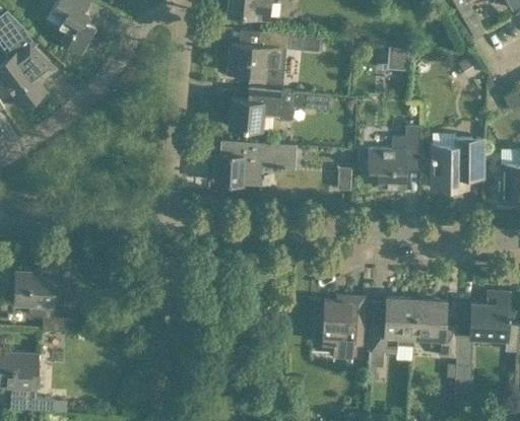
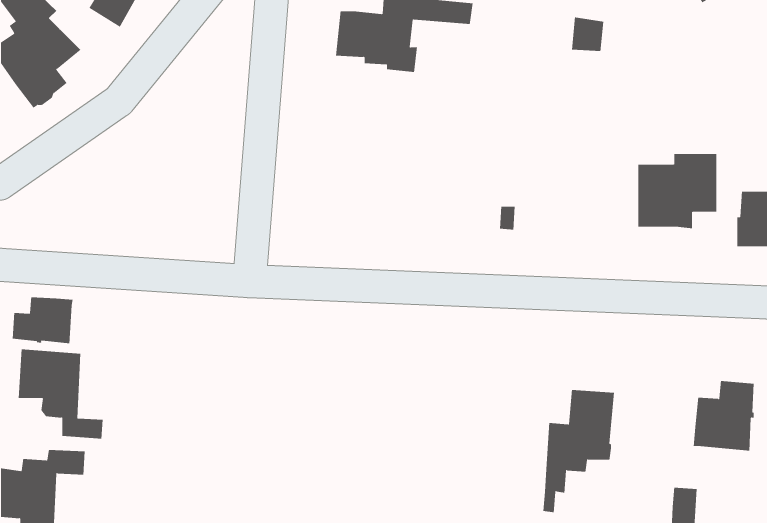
building: [229,88,329,131] -> none
building: [368,127,419,189] -> none
building: [213,141,294,186] -> none
building: none -> [12,297,73,344]
building: [316,296,365,359] -> none
building: [412,300,457,357] -> none

